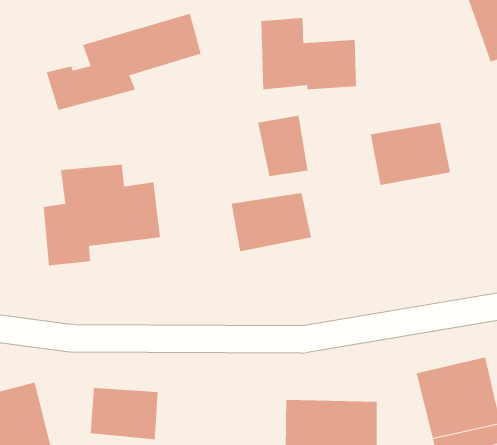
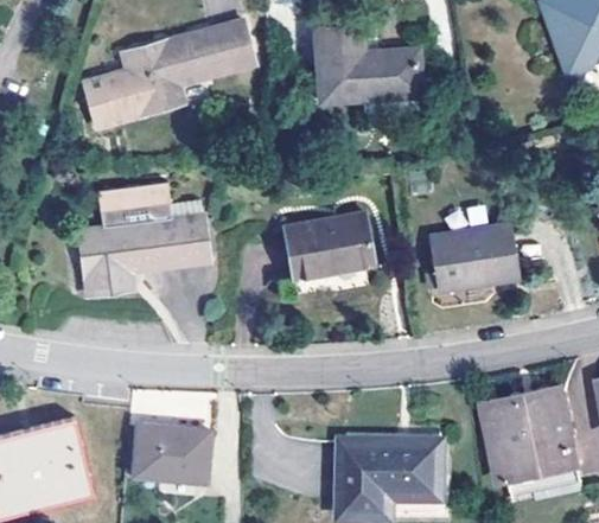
building: [258,115,308,177] -> none
building: [370,122,451,186] -> [428,222,516,291]

